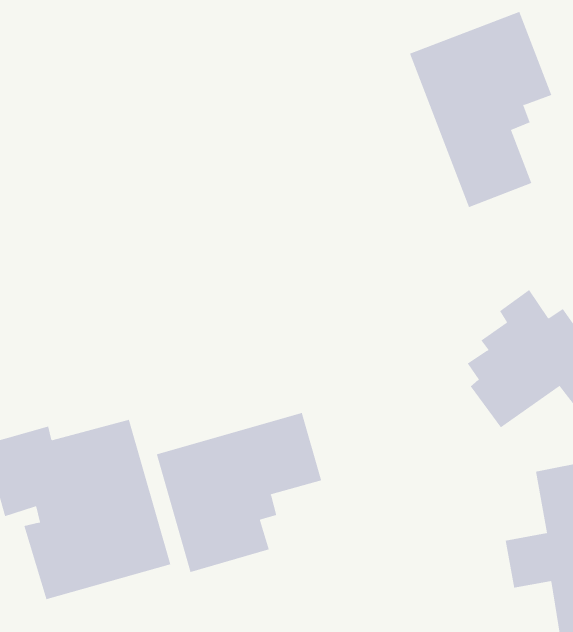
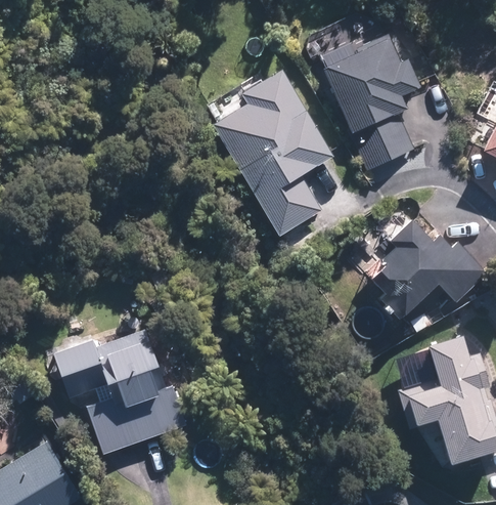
building: none -> [205,73,330,237]
building: [156,412,322,573] -> none

